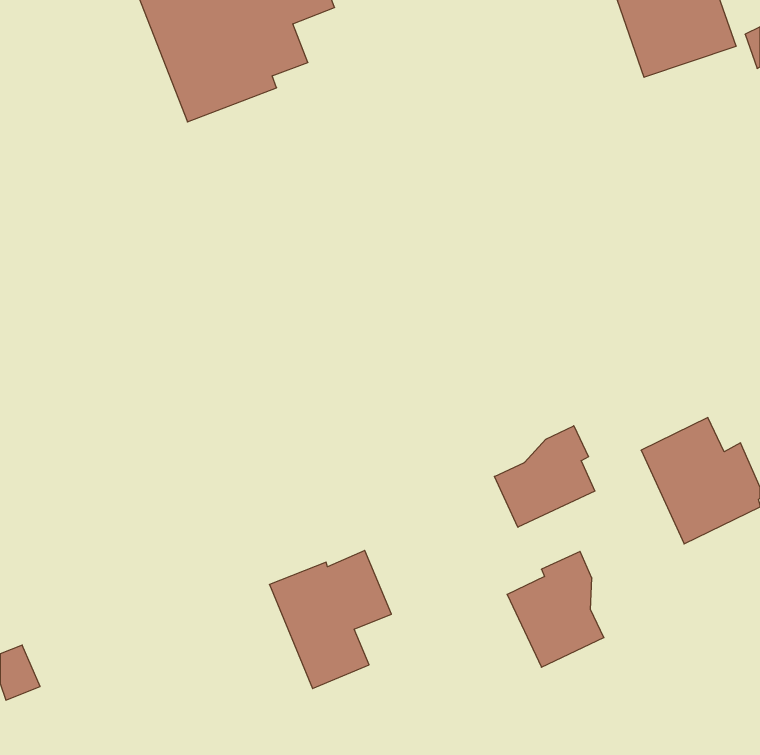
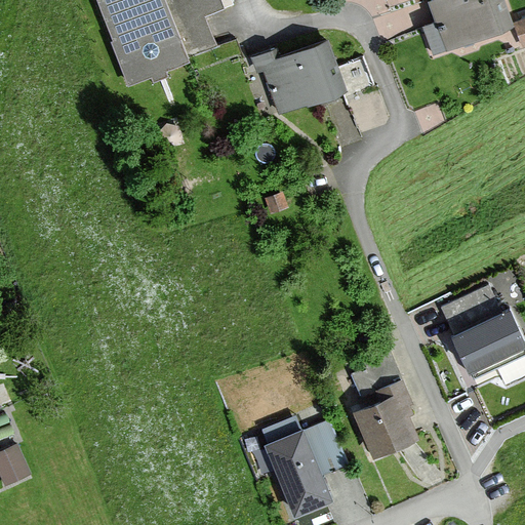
building: none -> [249,40,346,117]
building: [494,426,595,527] -> none
building: [269,550,391,689] -> [261,421,346,517]

